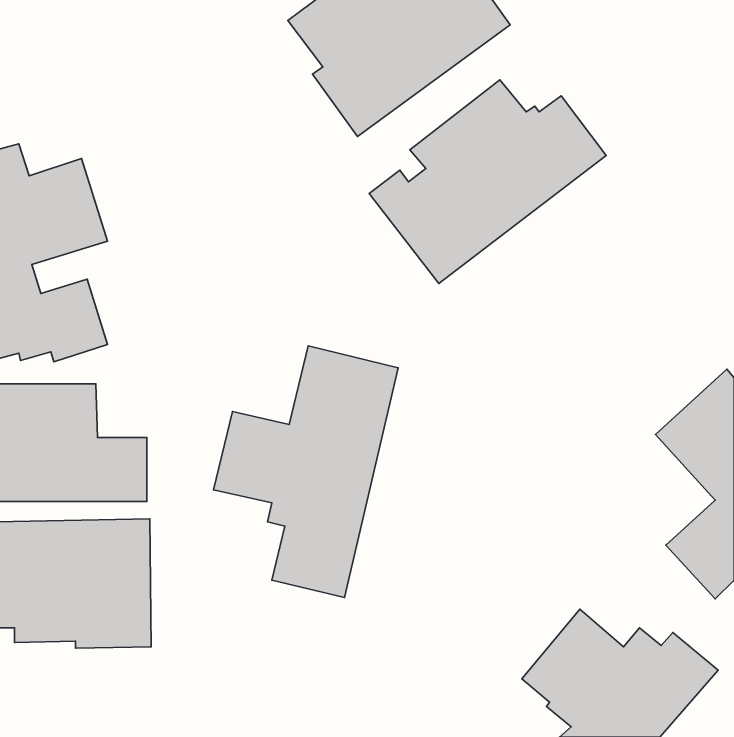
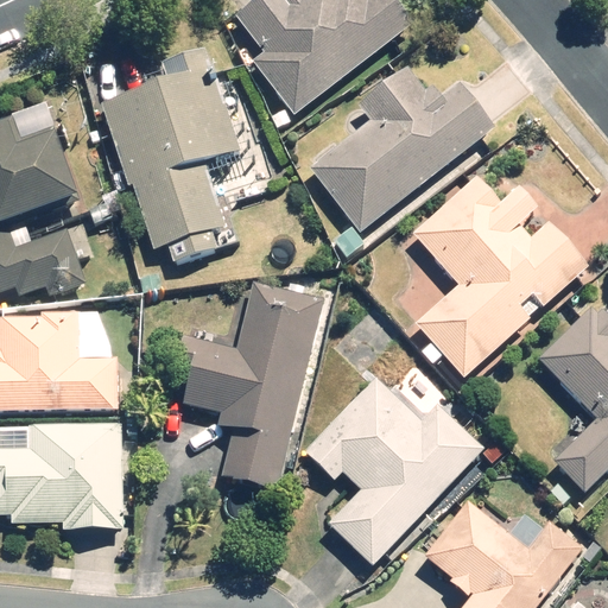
building: none -> [97,49,259,265]
building: none -> [407,169,590,374]
building: none -> [305,376,484,566]

